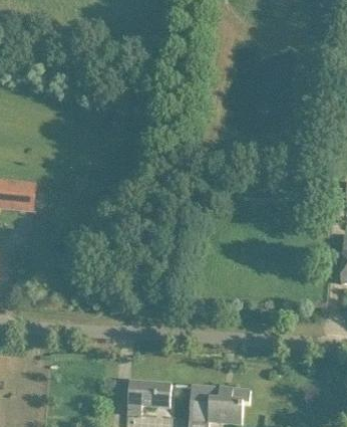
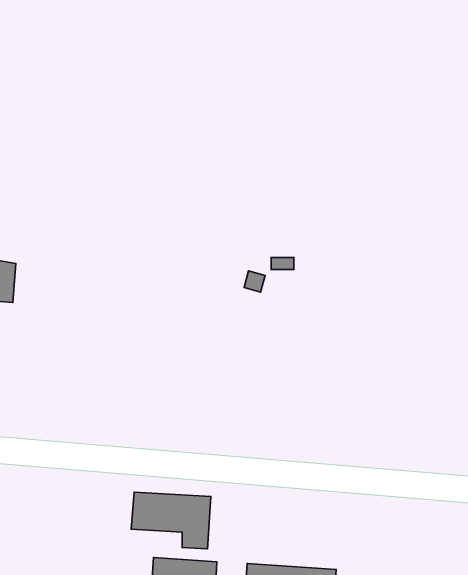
building: none -> [131,492,211,549]

